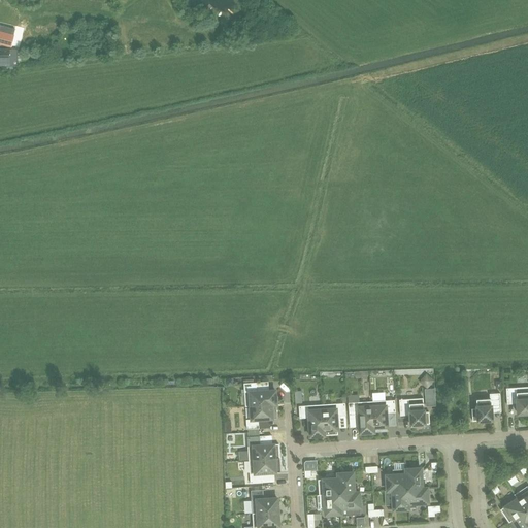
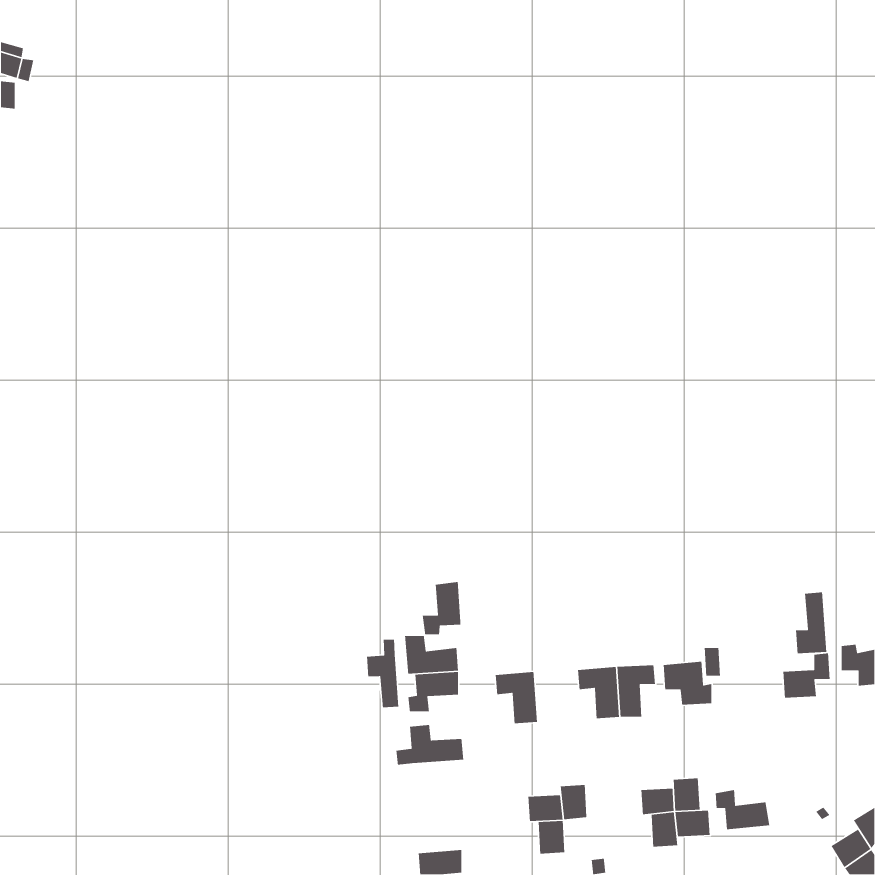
building: none -> [422,581,462,635]
building: none -> [795,592,827,654]
building: none -> [366,639,399,708]
building: [322,403,345,435] -> none
building: [249,458,280,484] -> none
building: none -> [715,789,770,831]
building: [251,490,278,514] -> none
building: [339,492,361,516] -> none

